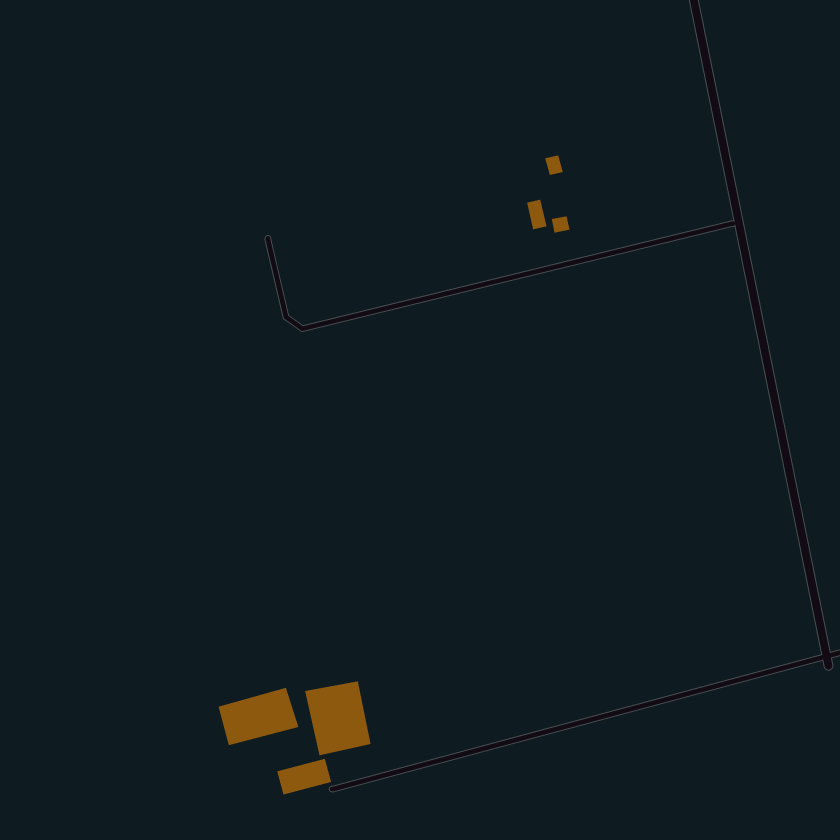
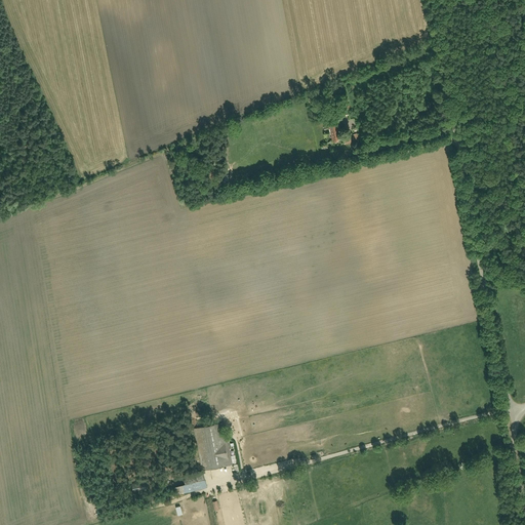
building: [217,687,299,746] -> none

